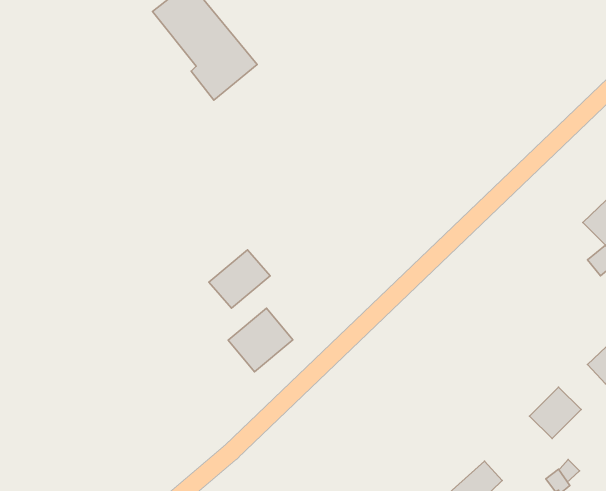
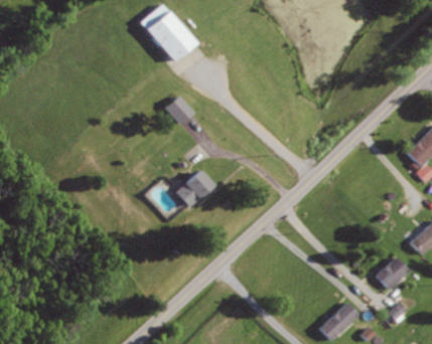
building: none -> [165,96,194,125]
building: [228,308,293,372] -> none

